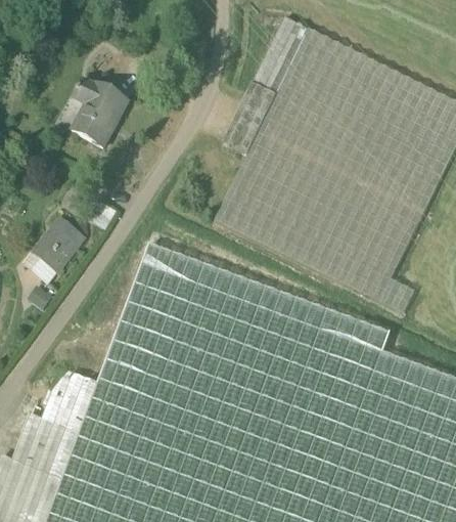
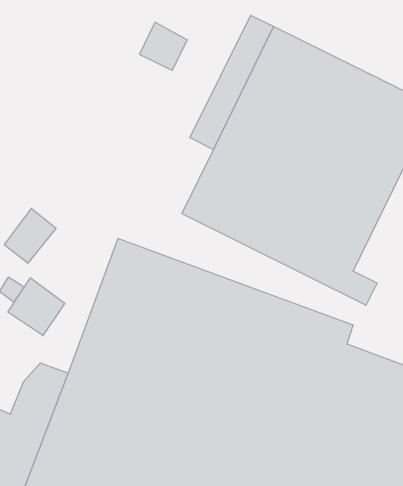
building: none -> [139,22,187,70]
building: [71,85,129,147] -> none
building: none -> [8,278,65,336]

